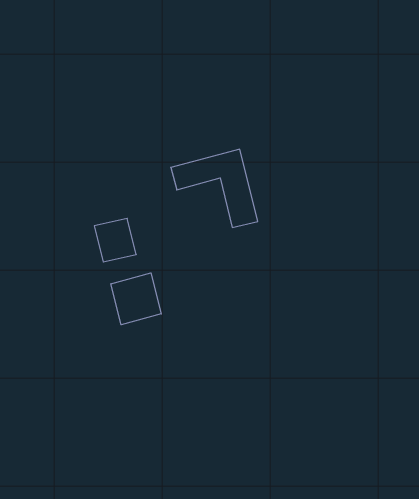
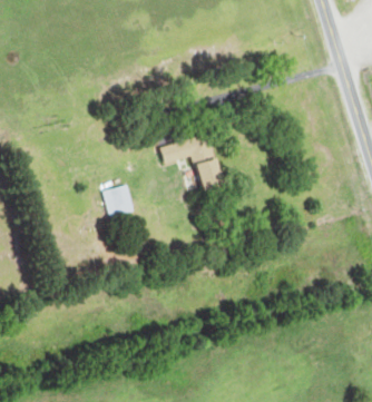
building: [111,273,161,325] -> none

